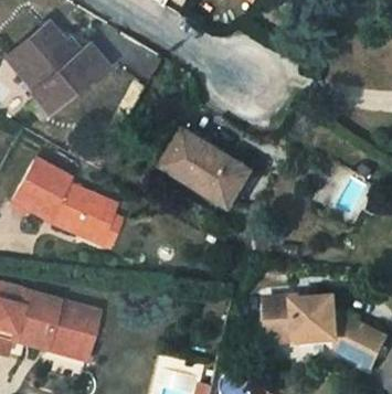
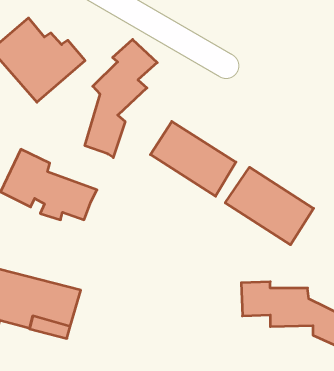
building: none -> [85,39,157,158]
building: none -> [225,167,314,245]

